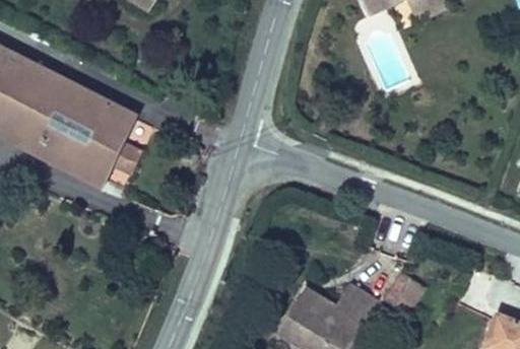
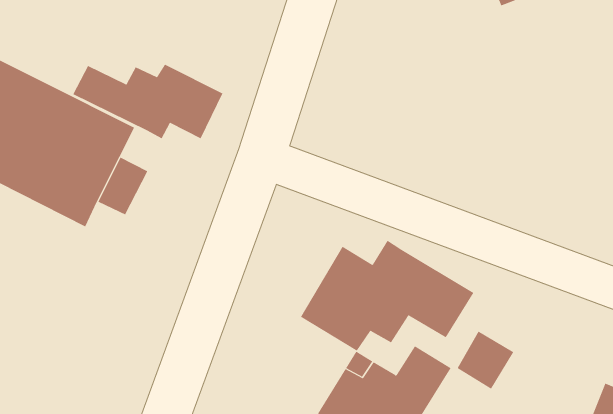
building: none -> [73,64,223,139]
building: none -> [300,240,474,351]

